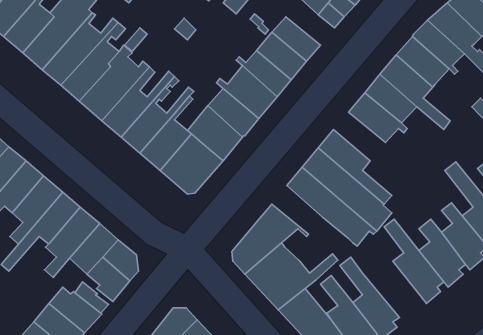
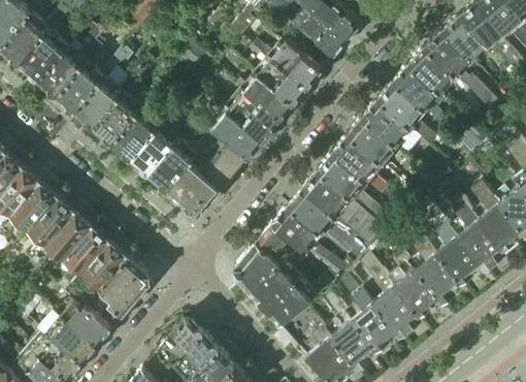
building: none -> [332,136,389,195]
building: none -> [273,206,351,277]
building: none -> [359,255,421,337]

